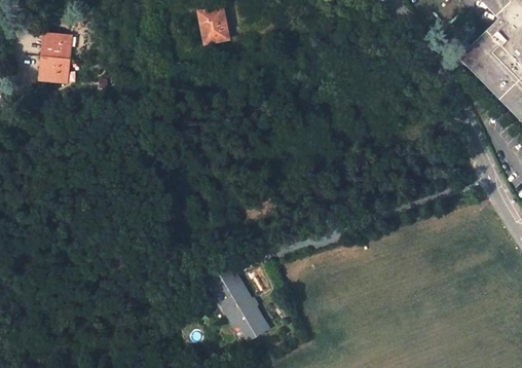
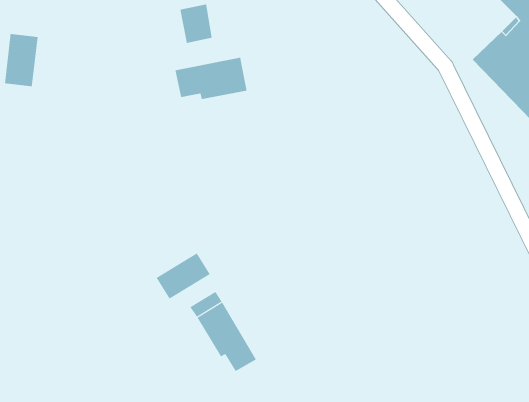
building: none -> [175,57,247,100]
building: none -> [156,253,210,299]

